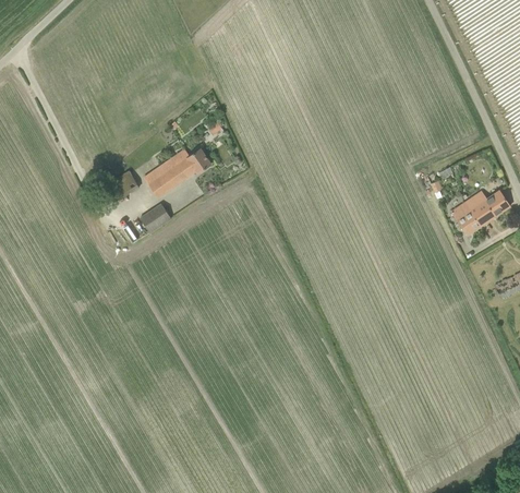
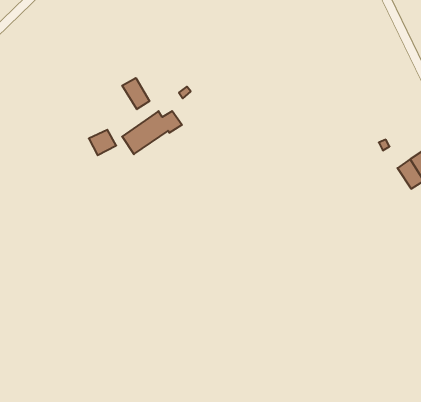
building: none -> [122,78,149,109]
building: [140,203,171,232] -> none

